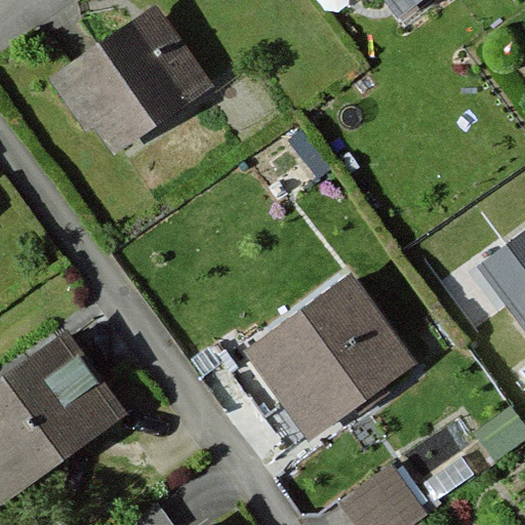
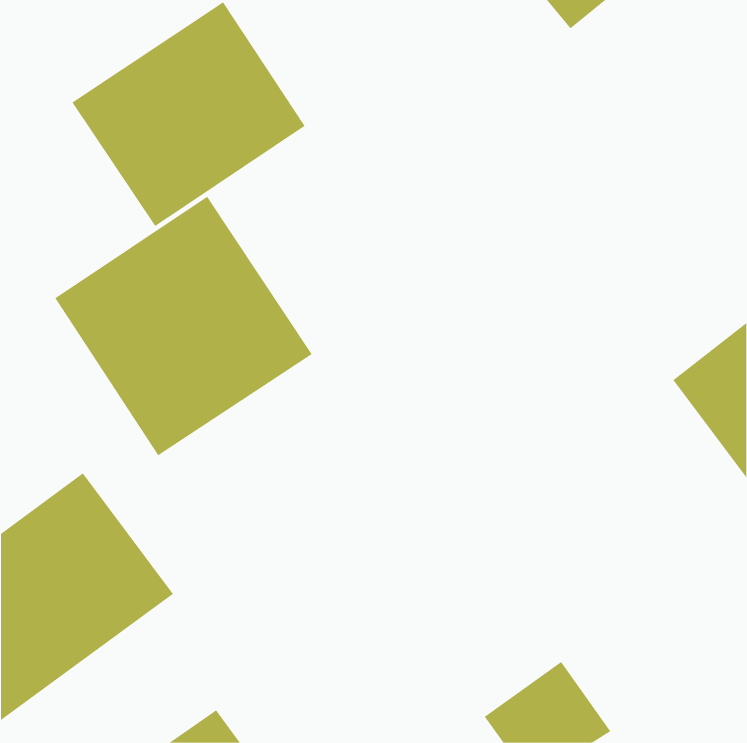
building: none -> [54,196,313,456]
building: [244,276,414,439] -> none

